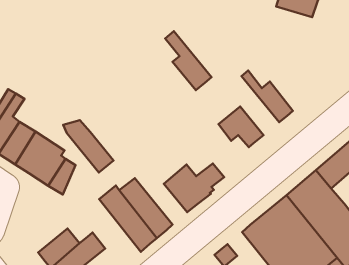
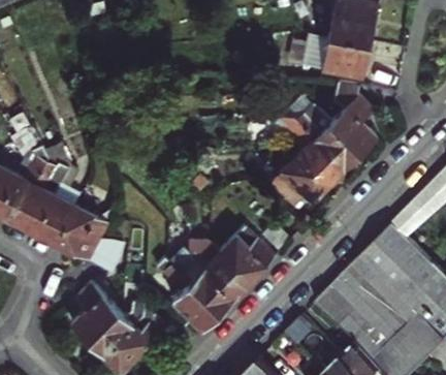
building: none -> [308,34,373,80]
building: [165,31,212,90] -> [289,118,347,183]
building: none -> [322,92,378,152]
building: [63,120,114,172] -> [190,238,252,295]
building: none -> [68,285,117,343]

